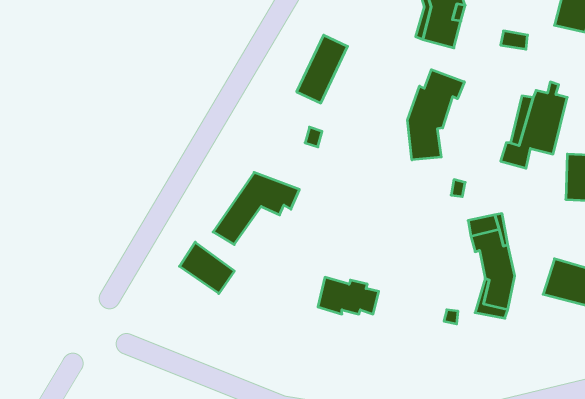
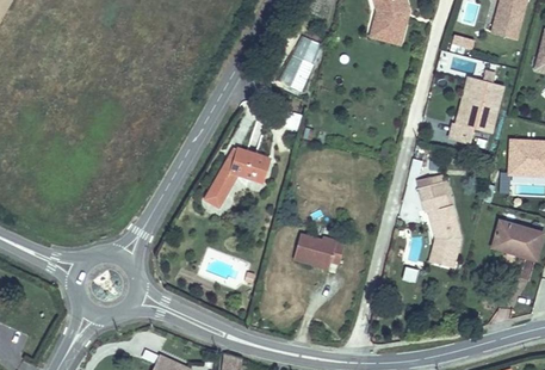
building: [407,70,464,160] -> none
building: [179,242,234,294] -> none

